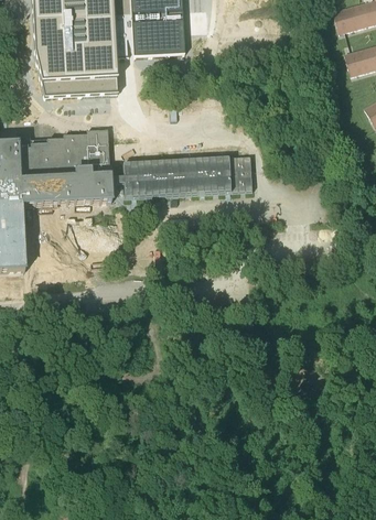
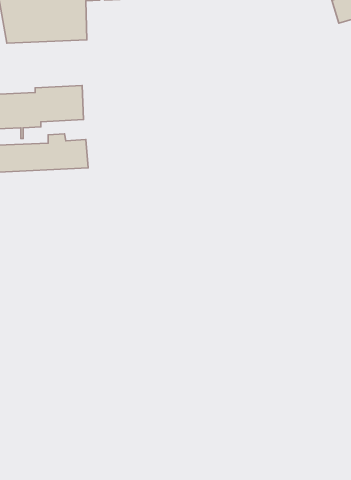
building: [114,158,255,198] -> none

